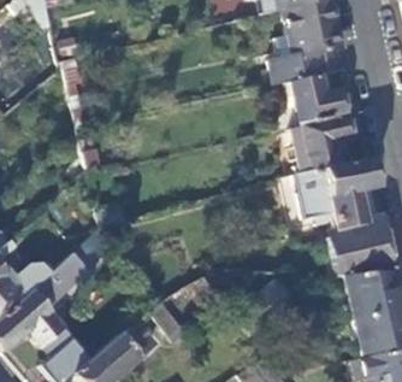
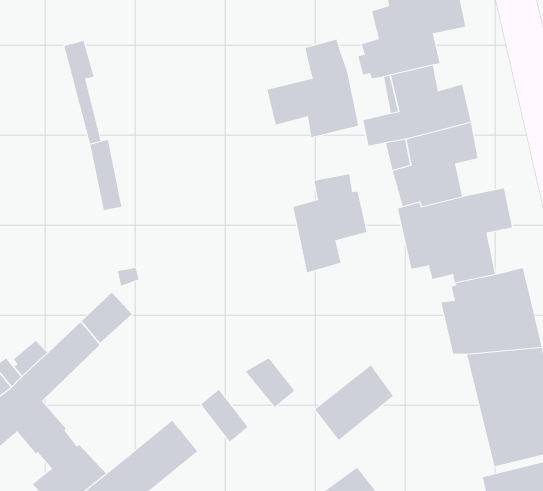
building: none -> [267,39,359,138]
building: none -> [293,174,367,273]

